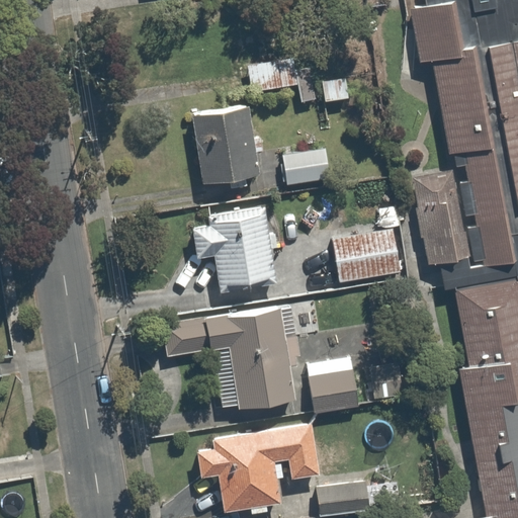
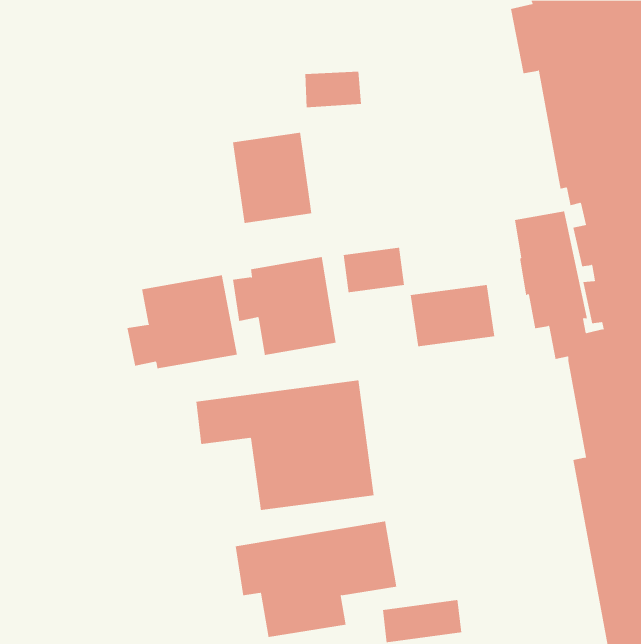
building: [279,148,329,184] -> [343,247,405,293]
building: none -> [127,275,238,369]
building: [308,370,356,411] -> none

